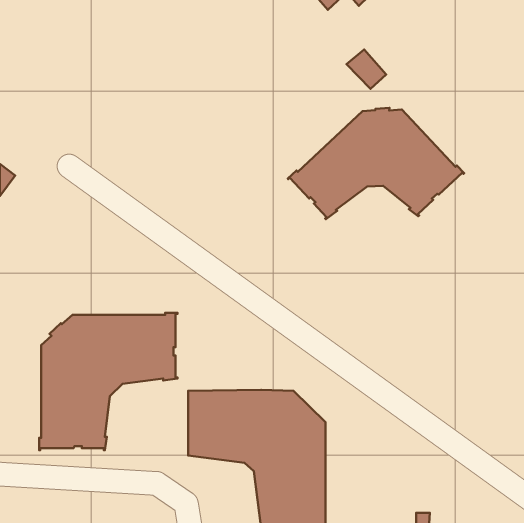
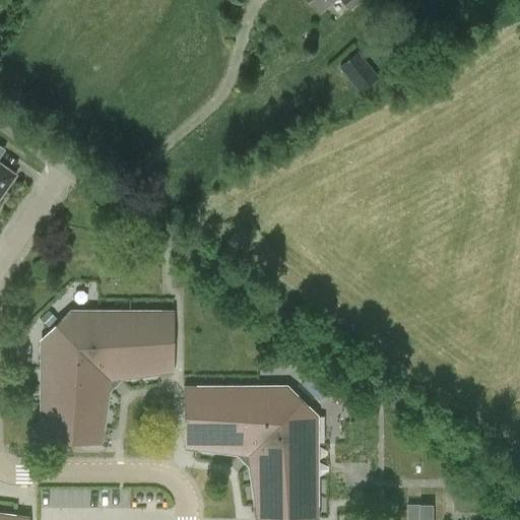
building: [288,108,464,219] -> none

